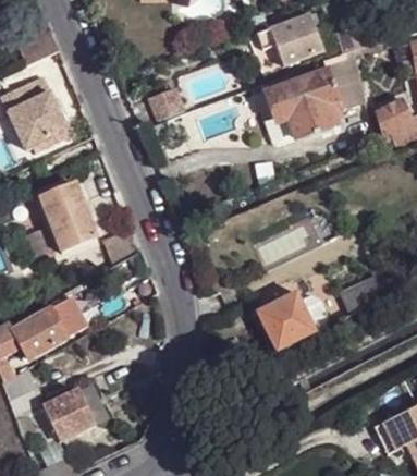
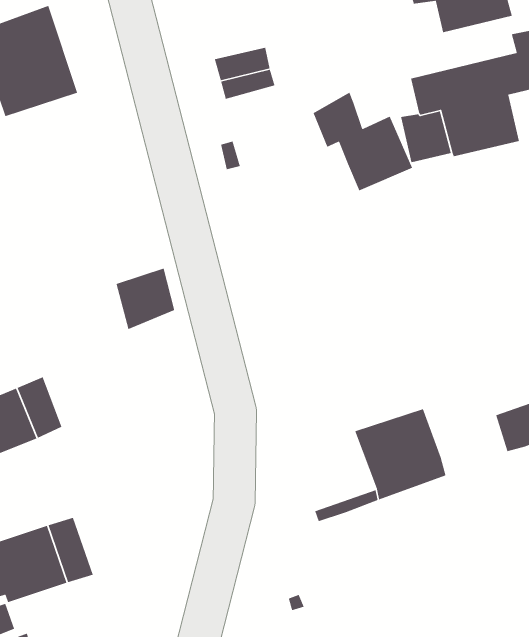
building: none -> [312,92,413,192]
building: [39,182,98,252] -> none

